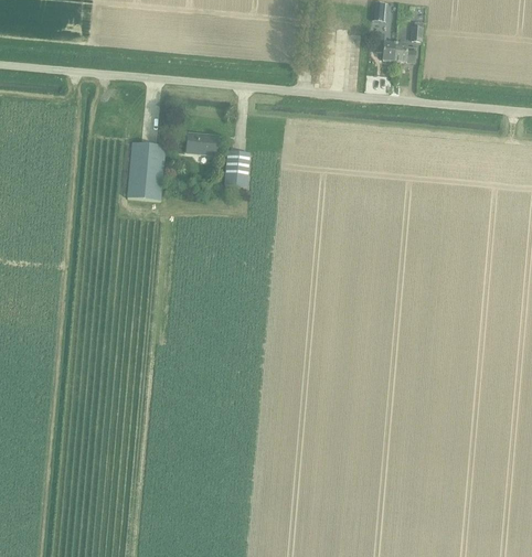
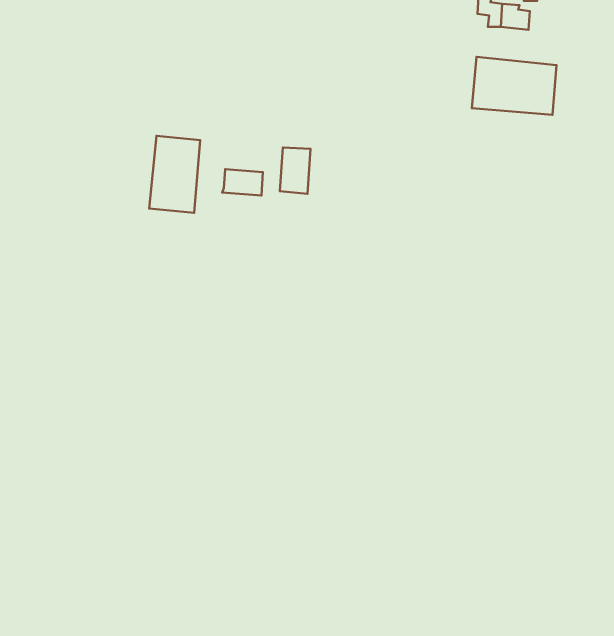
building: none -> [472,57,557,115]
building: [187,133,217,153] -> [222,169,263,195]

